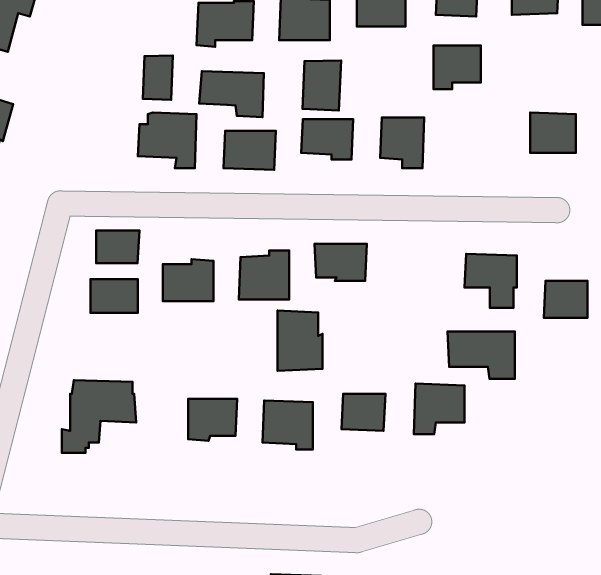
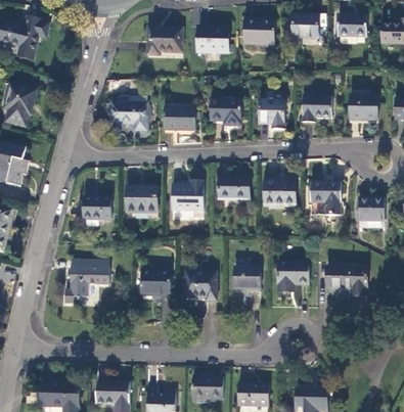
building: [434,45,481,89] -> [302,96,330,123]
building: [143,55,173,100] -> none
building: [303,61,341,110] -> none
building: [199,71,264,117] -> none
building: [96,230,139,263] -> none
building: none -> [264,176,295,207]
building: [278,310,322,371] -> none
building: [447,332,515,379] -> [326,267,367,295]

